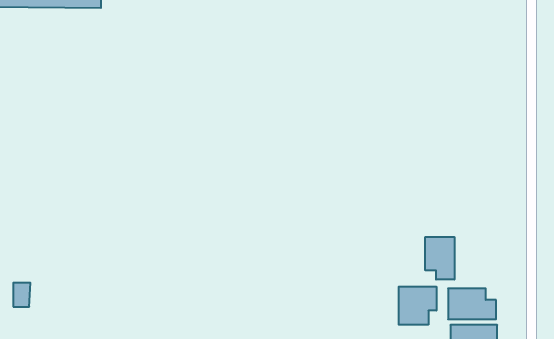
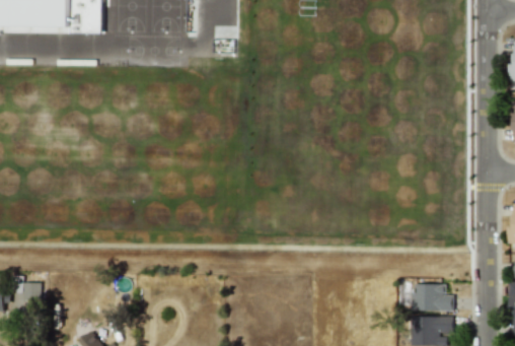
building: [425,237,454,280] -> none
building: [399,287,436,325] -> none

